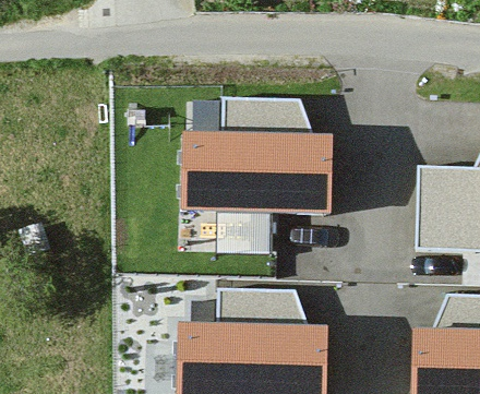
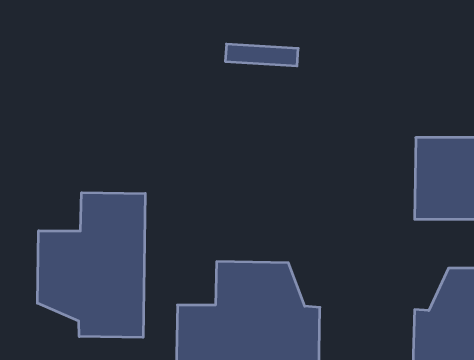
building: [187,98,329,211] -> none
building: none -> [37,193,145,337]

